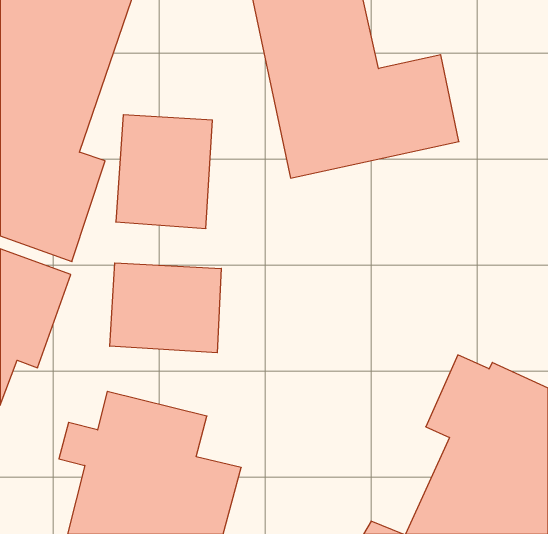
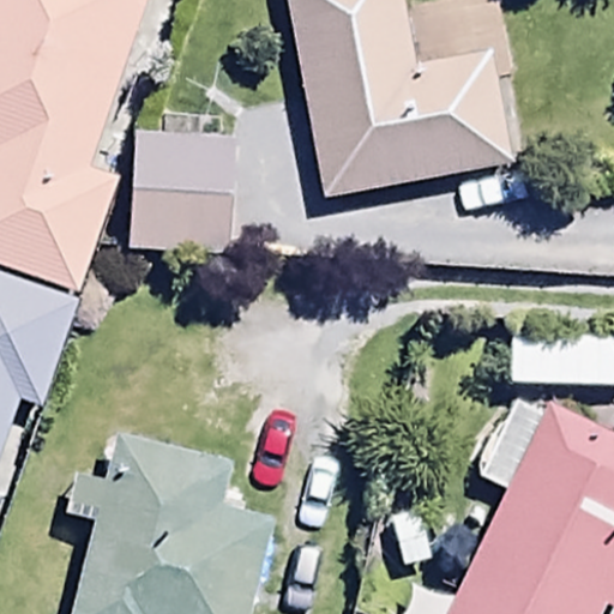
building: [110,263,221,353] -> none

